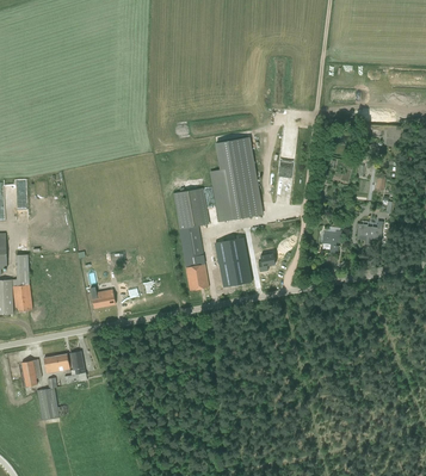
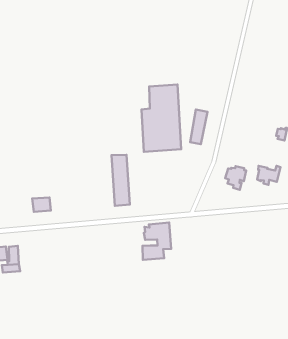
building: [173,187,209,230] -> none
building: [214,239,248,286] -> [143,223,171,260]

